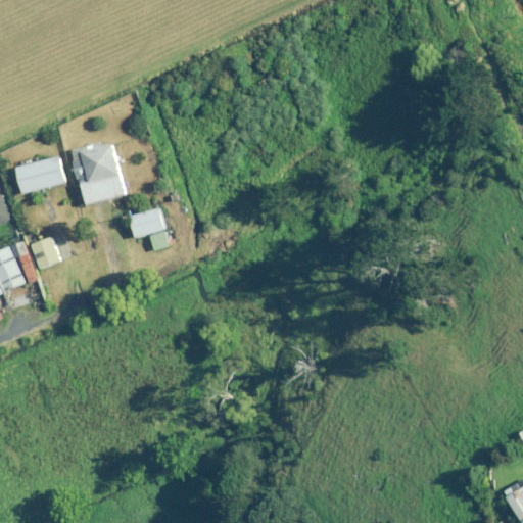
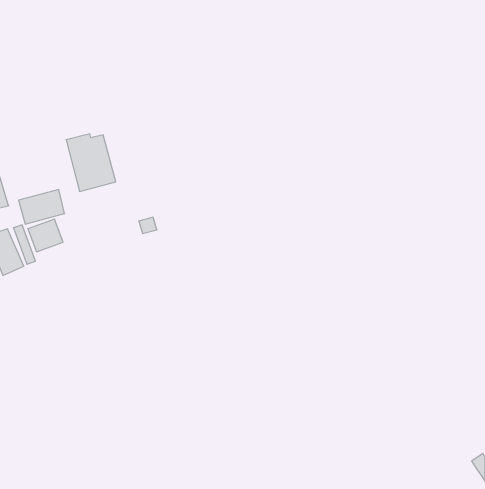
building: [16,156,65,193] -> [19,190,65,224]
building: [129,207,162,237] -> none

